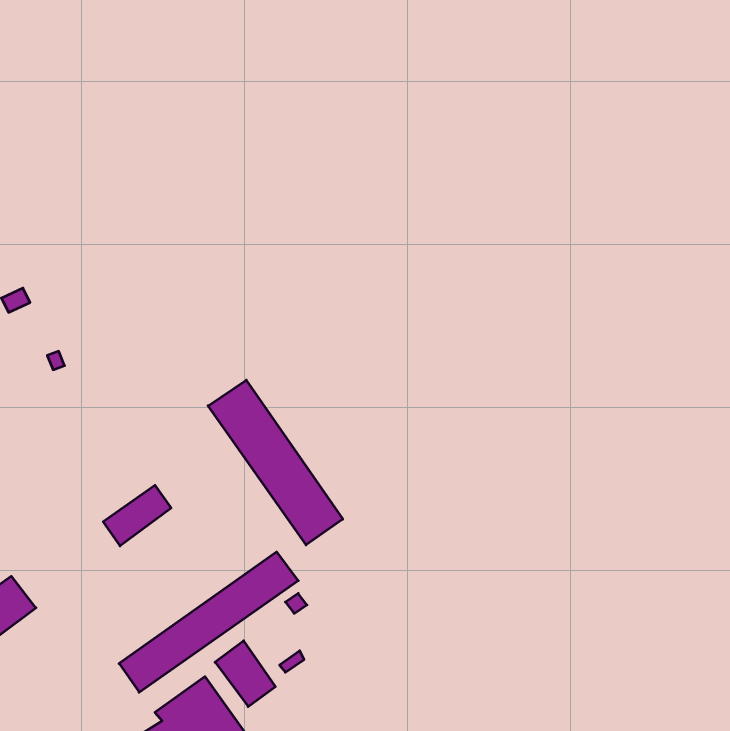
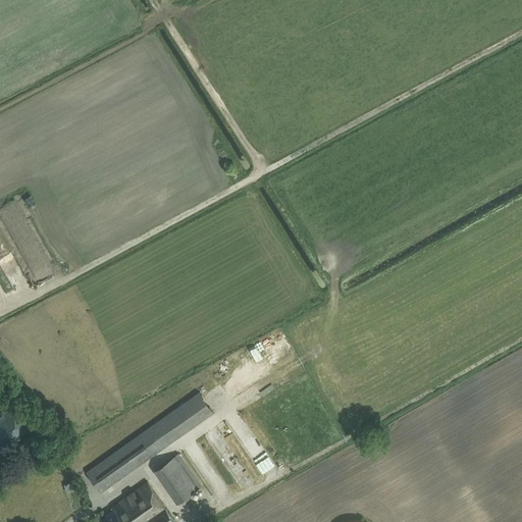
building: [208,380,343,545] -> none
building: [103,485,171,546] -> none

